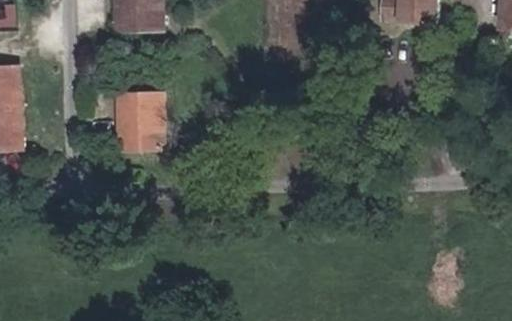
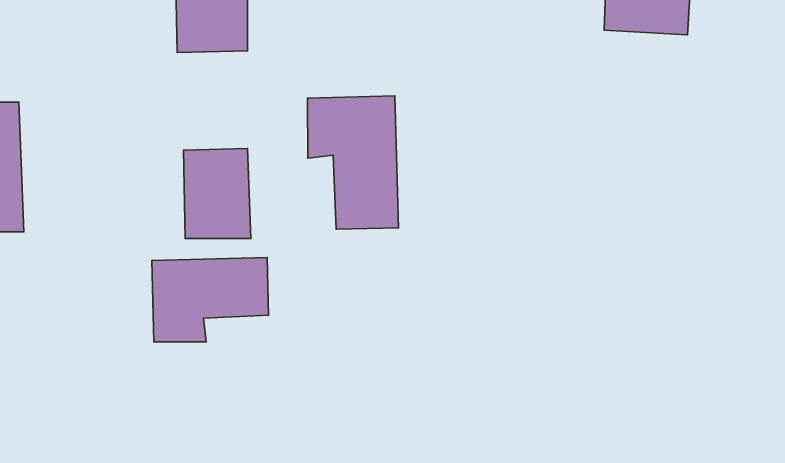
building: none -> [307,96,399,229]
building: none -> [152,257,268,342]

